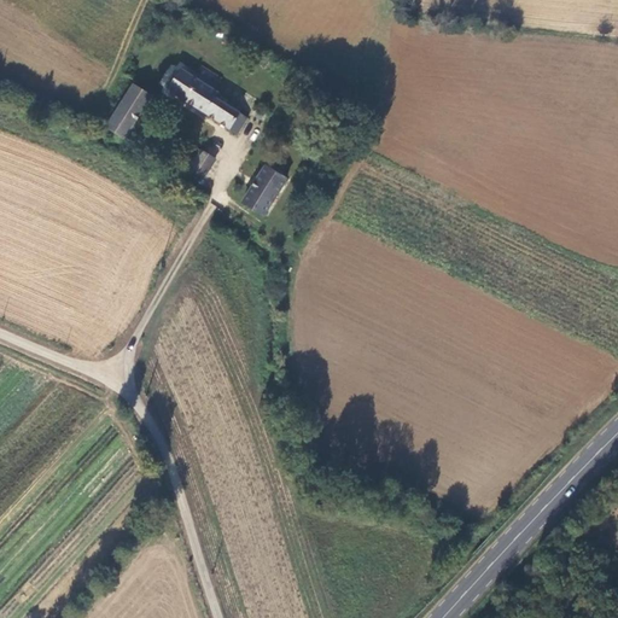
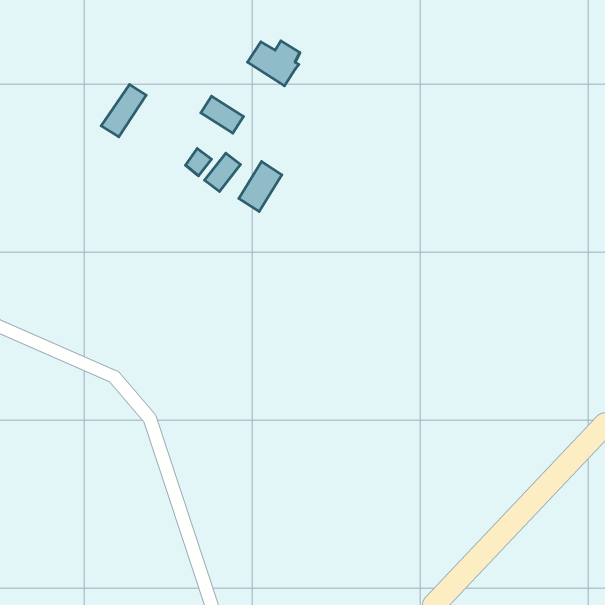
building: [167,69,220,115] -> [248,41,300,86]
building: none -> [205,153,241,191]

